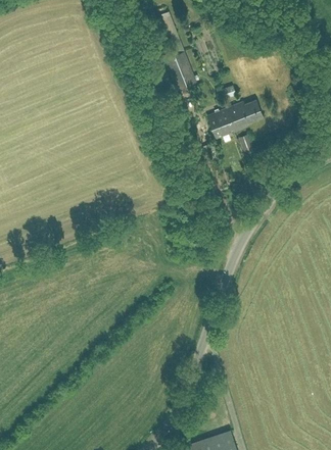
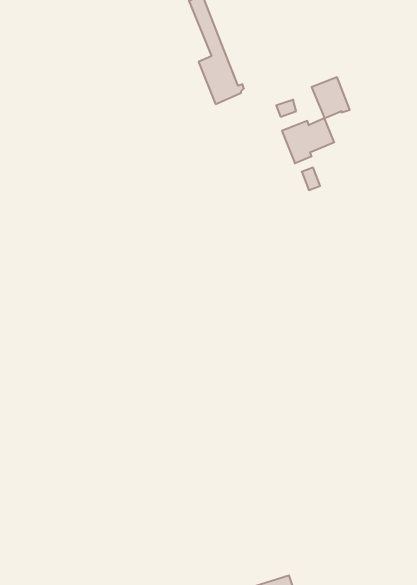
building: [206,109,234,139] -> [312,77,350,118]

